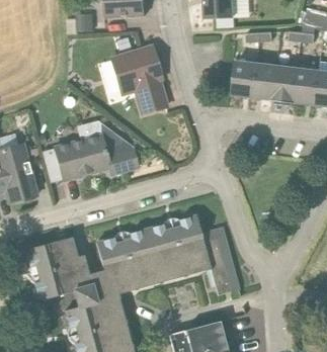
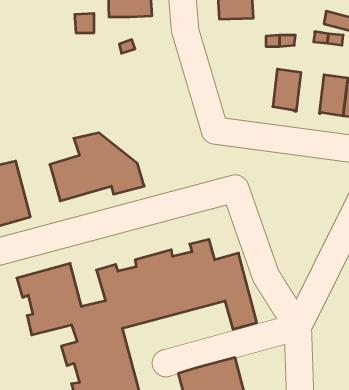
building: [112,46,166,111] -> none
building: [232,61,256,96] -> none
building: [273,66,298,102] -> none

